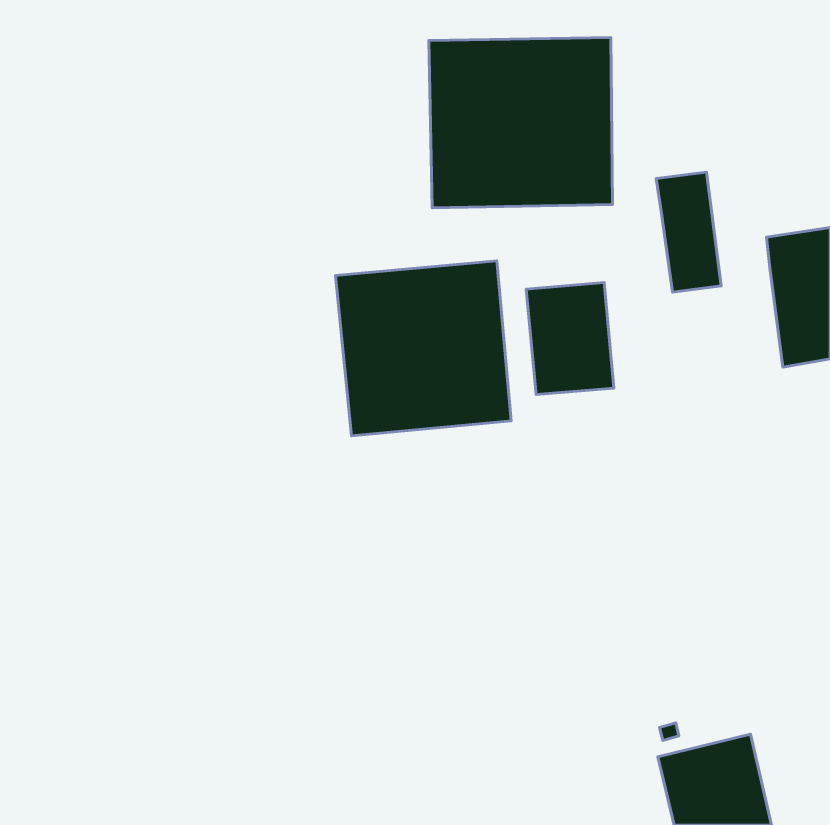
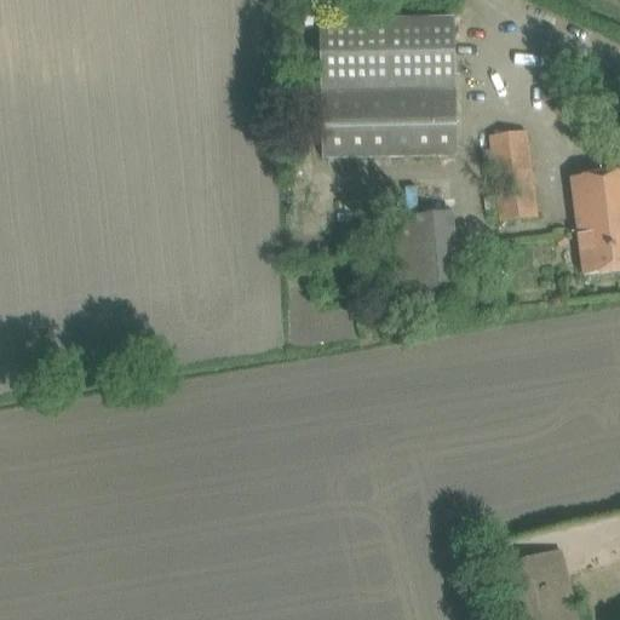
building: [336,261,511,436] -> none

